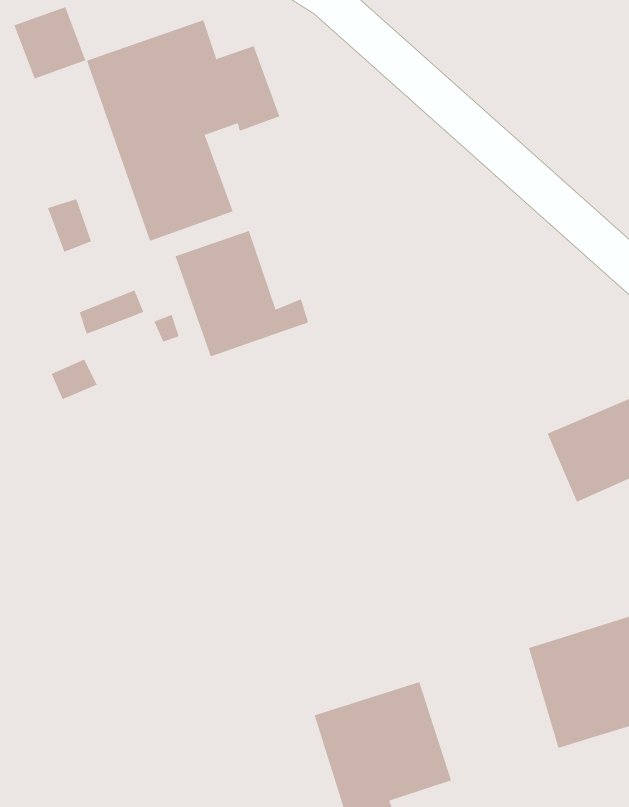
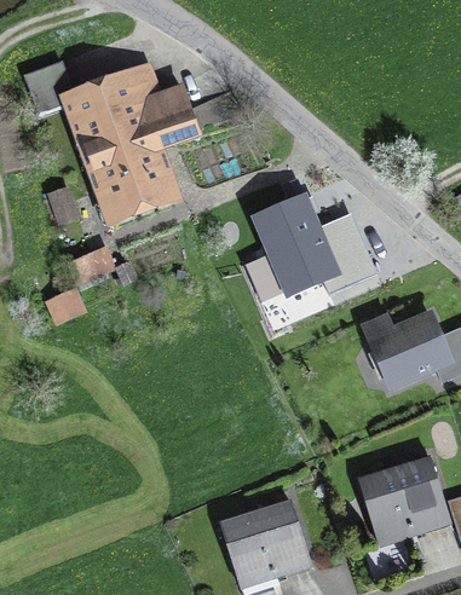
building: none -> [252,187,378,294]
building: [175,230,309,357] -> none

